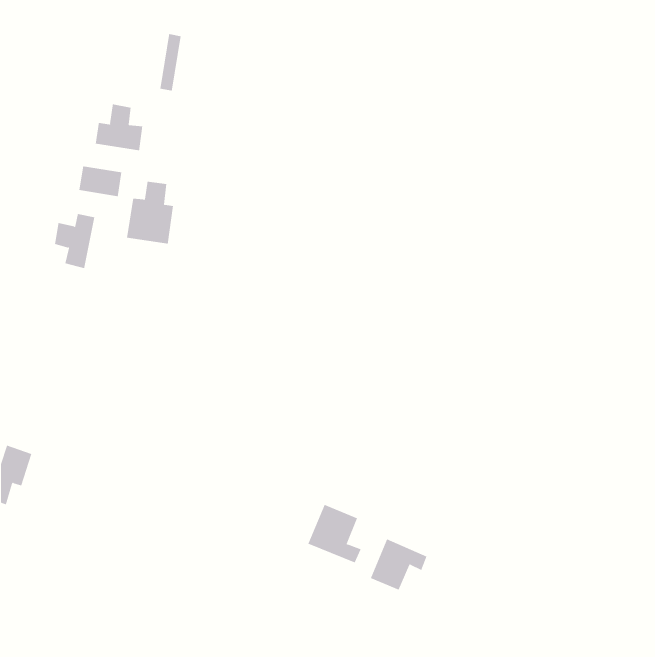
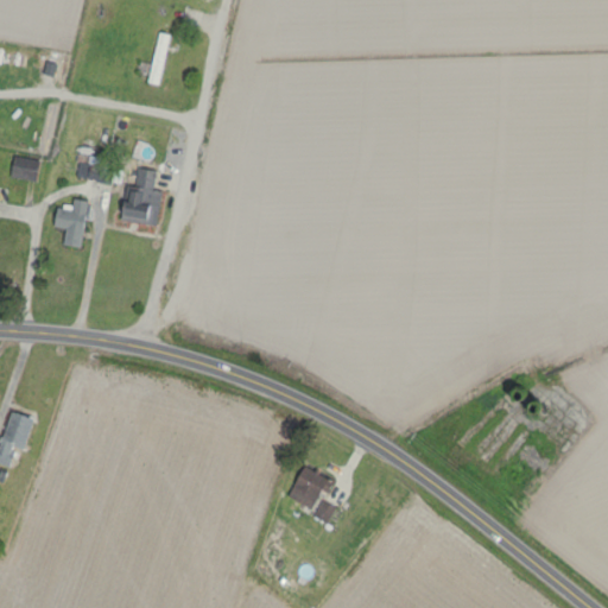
building: [95,103,143,151] -> none
building: none -> [10,156,40,182]
building: [370,539,427,591] -> none

